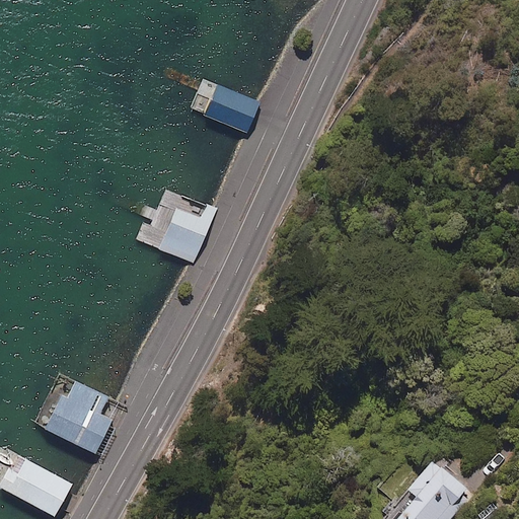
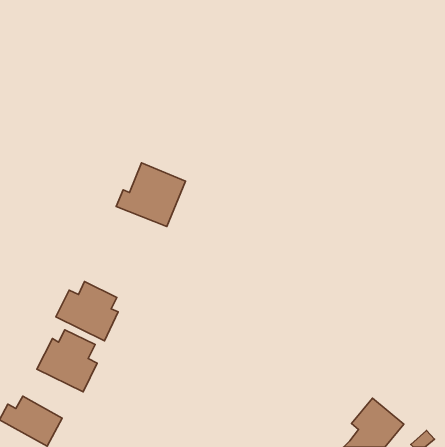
building: [189,78,260,133] -> none
building: none -> [56,282,118,341]

